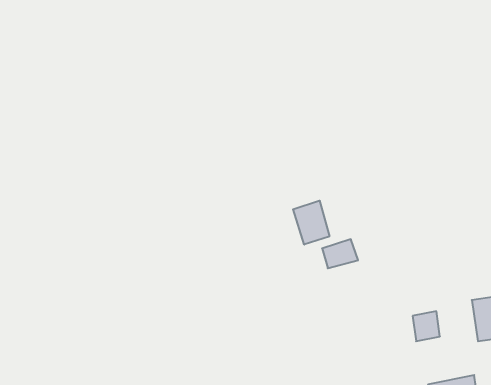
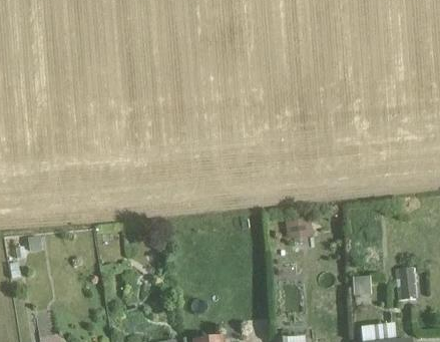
building: [293,201,329,245] -> none

